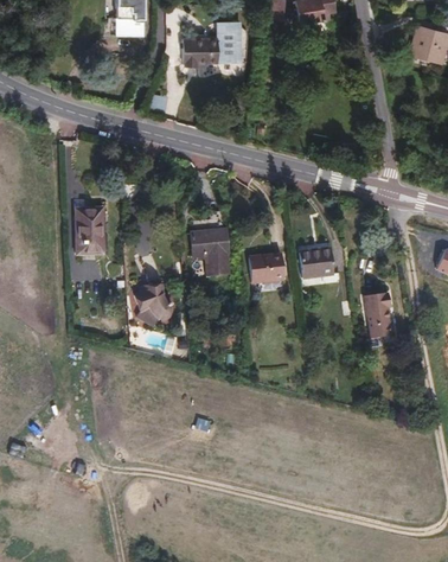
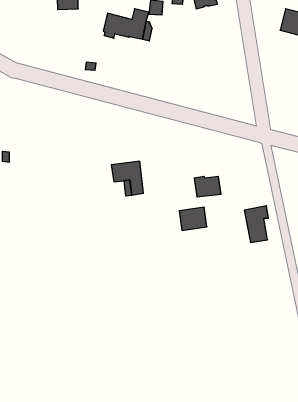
building: [78,211,105,256] -> none
building: [247,250,283,281] -> [179,207,207,230]
building: [136,287,169,321] -> none

